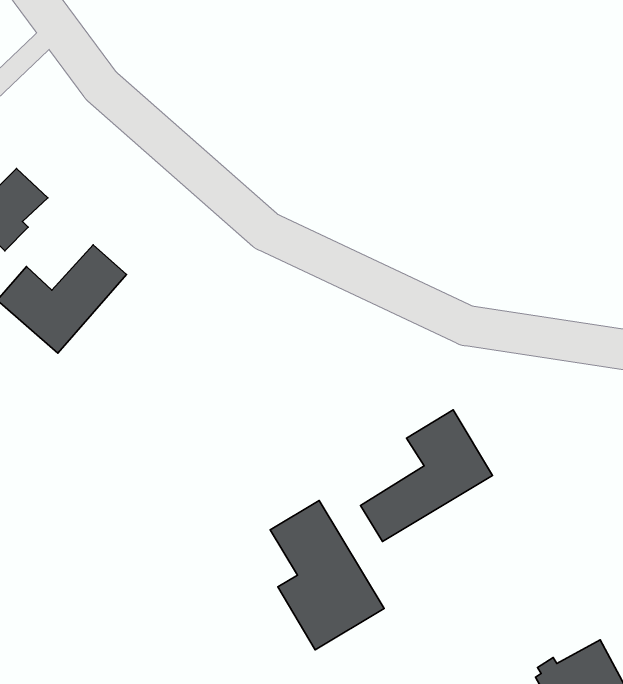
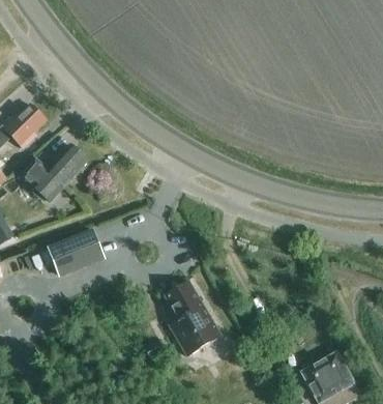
building: none -> [46,227,105,276]
building: [360,410,493,542] -> none

